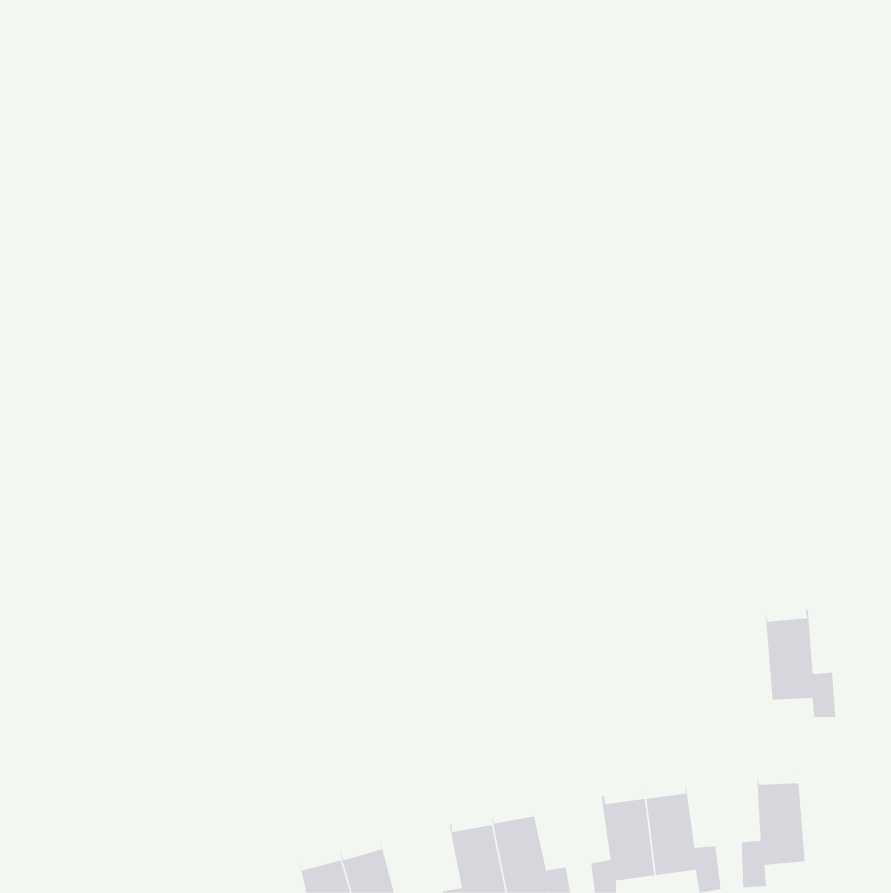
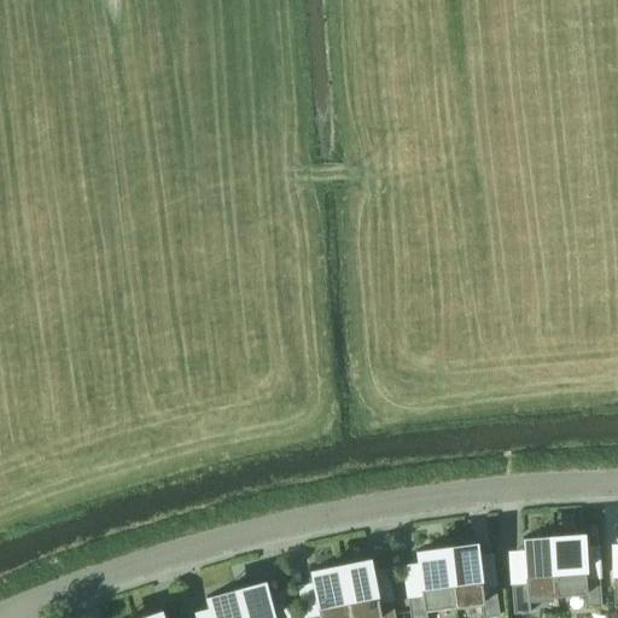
building: [765,609,836,718] -> [553,532,602,607]

